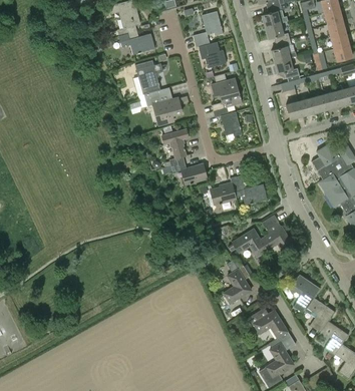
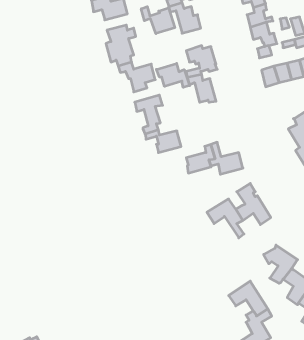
building: none -> [141,7,175,34]
building: none -> [156,63,190,87]
building: [223,261,251,304] -> none

